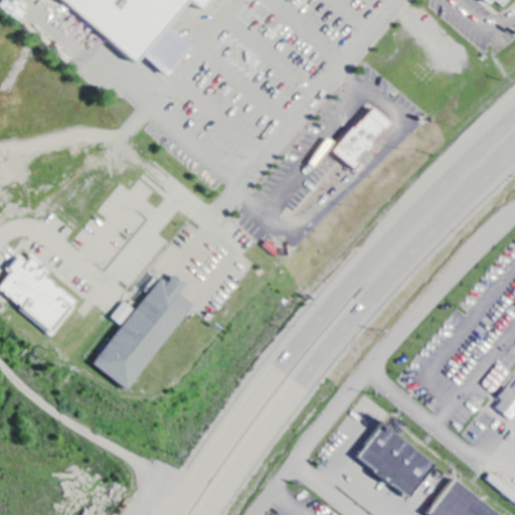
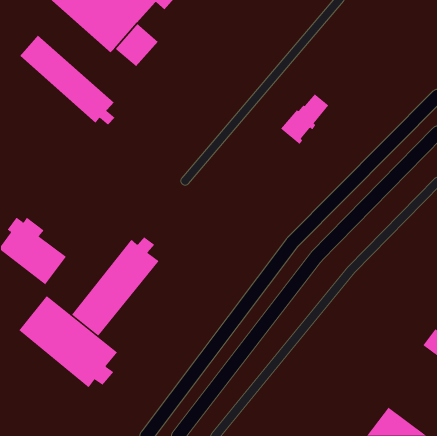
building: none -> [19,35,115,126]
building: none -> [18,295,118,388]
building: [360,422,440,495] -> none

